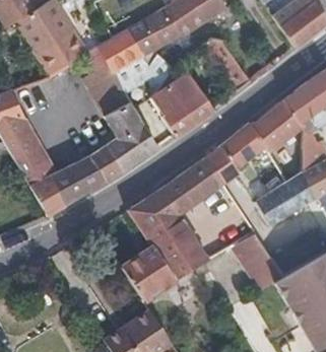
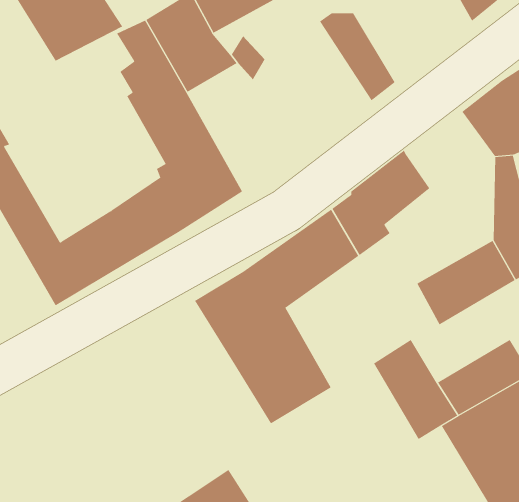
building: [154,71,211,134] -> none
building: [254,98,306,149] -> none
building: [123,247,175,299] -> none

